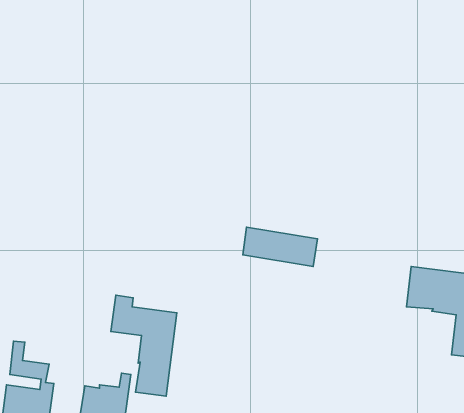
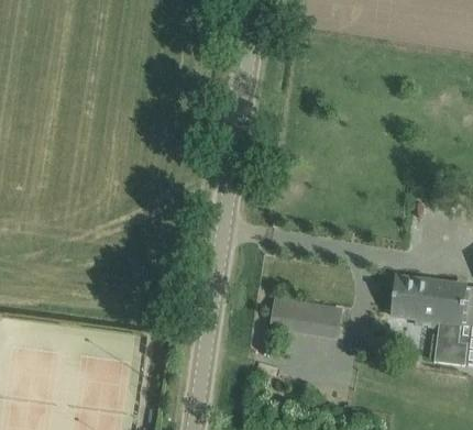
building: [243,227,318,266] -> [271,298,342,335]
building: [111,295,177,396] -> none

